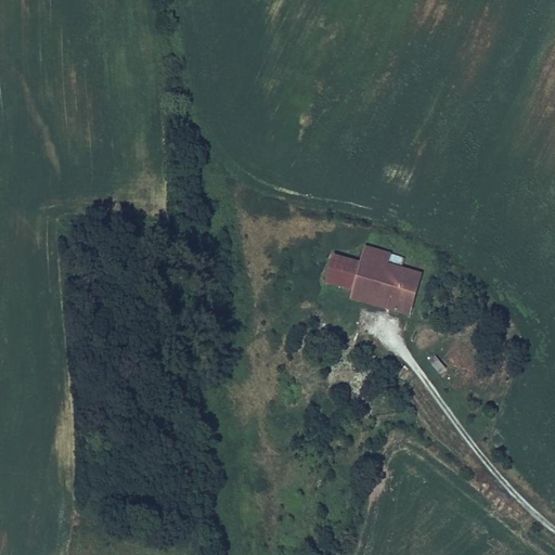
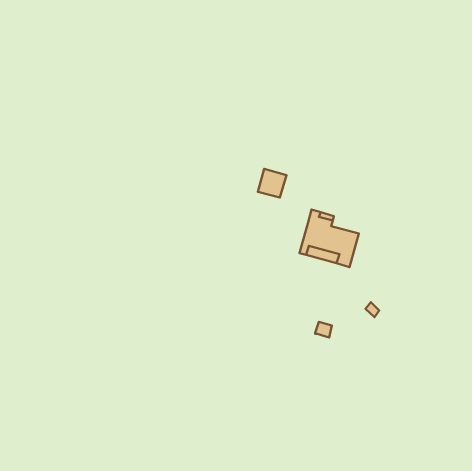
building: [326,254,360,287] -> [258,169,286,197]

